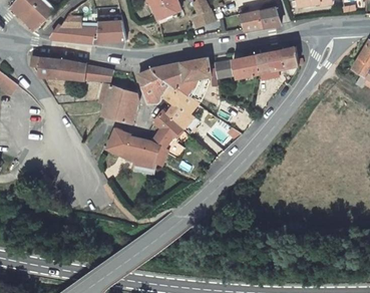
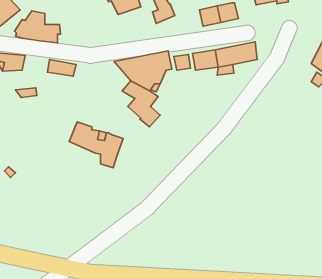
building: [94,27,126,47] -> none
building: [58,60,86,77] -> none
building: [138,66,169,104] -> none
building: [101,83,136,123] -> none
building: [150,110,189,166] -> none

